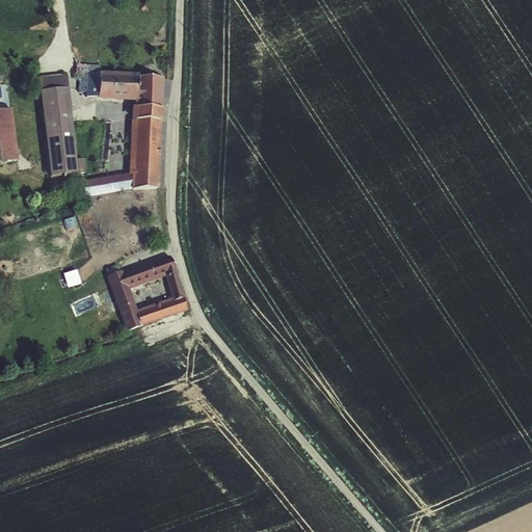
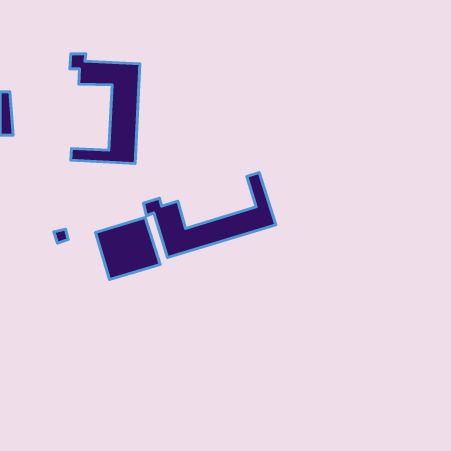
building: [39,73,75,175] -> none
building: none -> [143,173,276,257]

